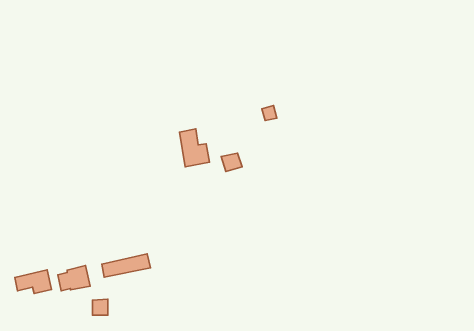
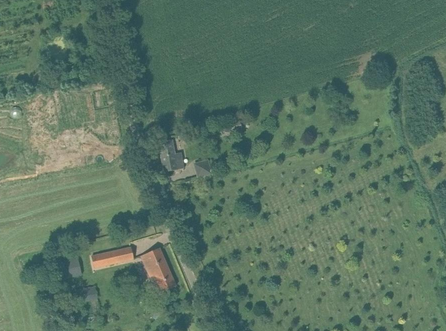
building: none -> [140,247,175,292]
building: [15,270,52,294] -> none

